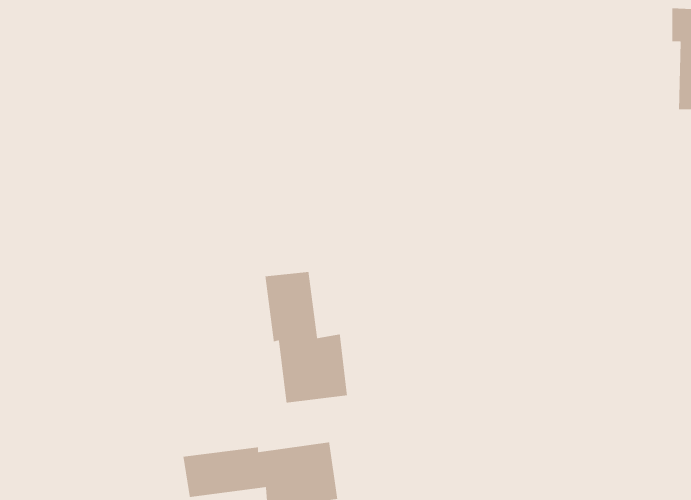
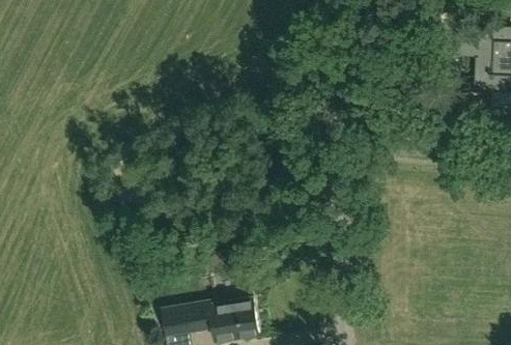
building: [264,271,348,403] -> none

